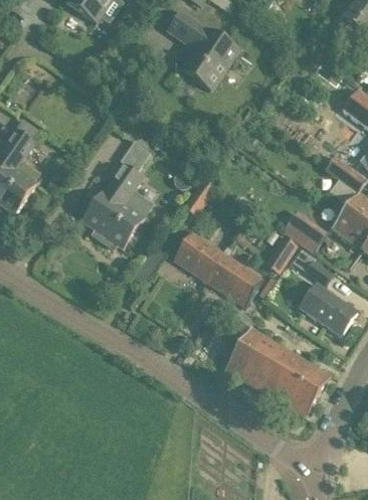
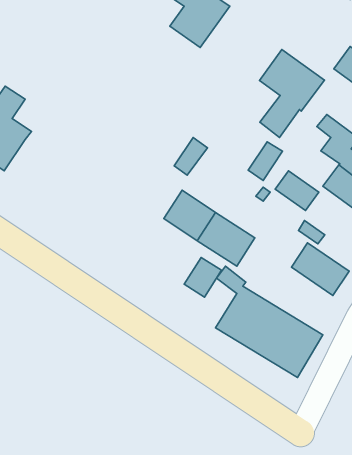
building: none -> [259,50,325,138]
building: [81,140,151,248] -> none
building: [263,235,298,274] -> [248,142,282,180]
building: none -> [184,258,222,297]

